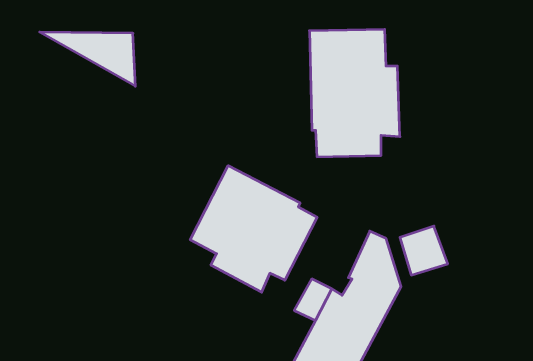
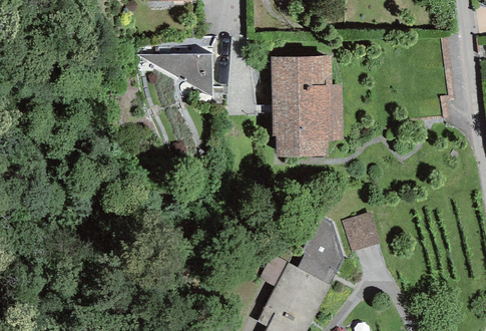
building: [40,32,135,86] -> [137,53,213,96]
building: [190,166,317,292] -> none

